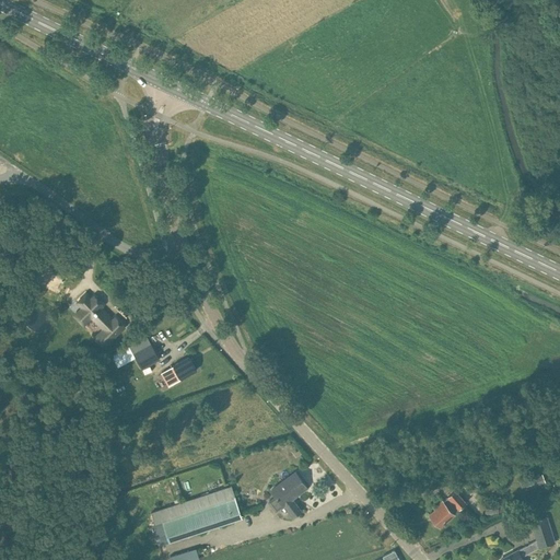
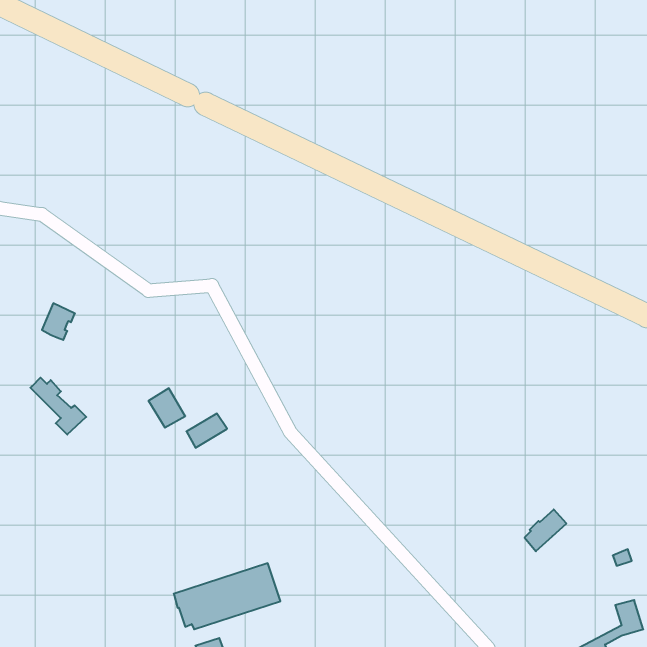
building: [75,294,124,343] -> [30,378,86,435]
building: [268,472,306,517] -> none
building: [429,491,465,527] -> [525,509,566,551]

